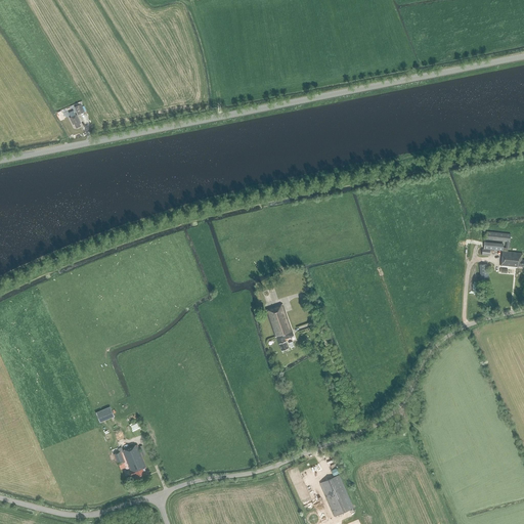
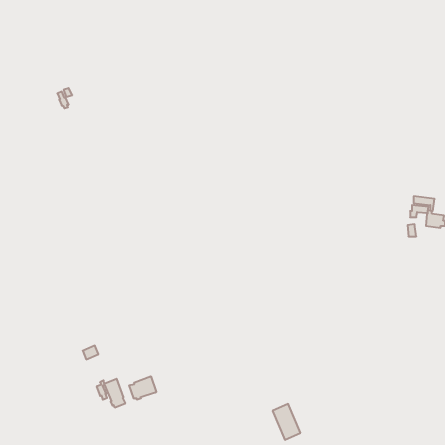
building: [266,303,294,350] -> none
building: none -> [129,376,156,400]

